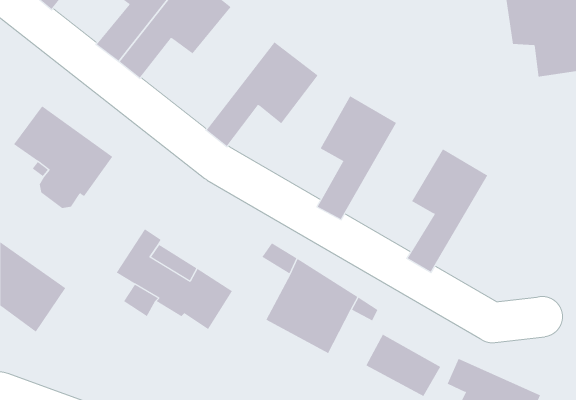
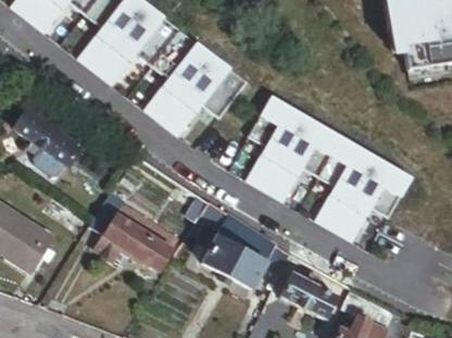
building: none -> [142,26,212,120]
building: none -> [263,114,340,198]
building: none -> [331,154,410,239]

